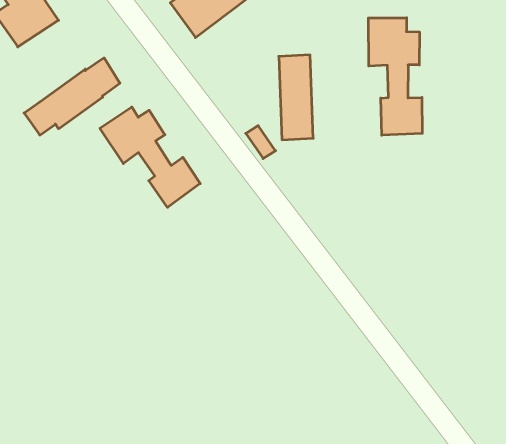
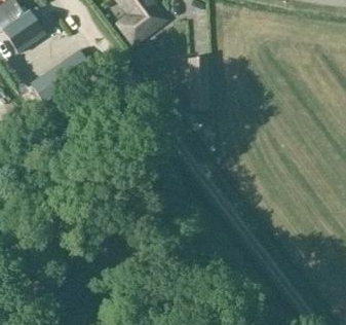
building: [368,18,422,135] -> none
building: [100,107,200,207] -> none

